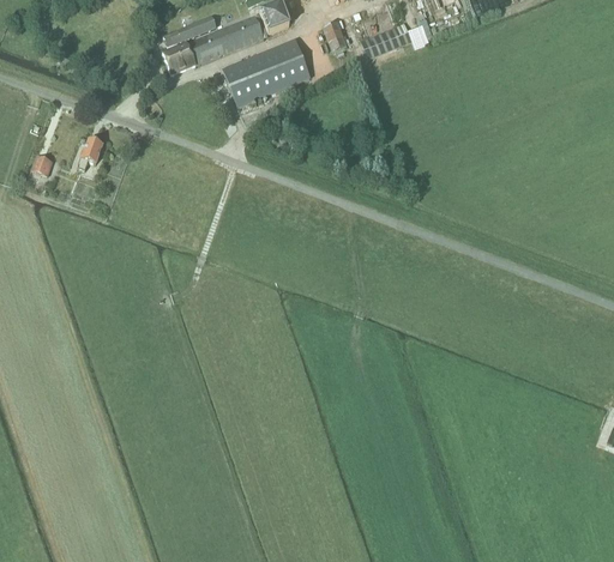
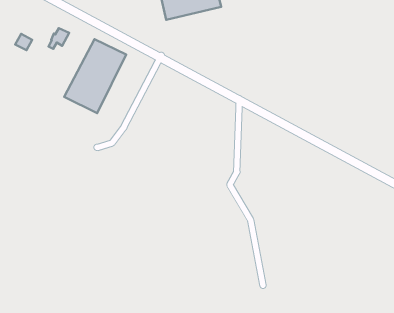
building: none -> [64,39,126,113]

